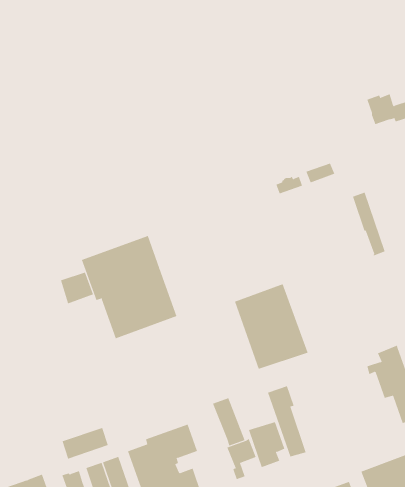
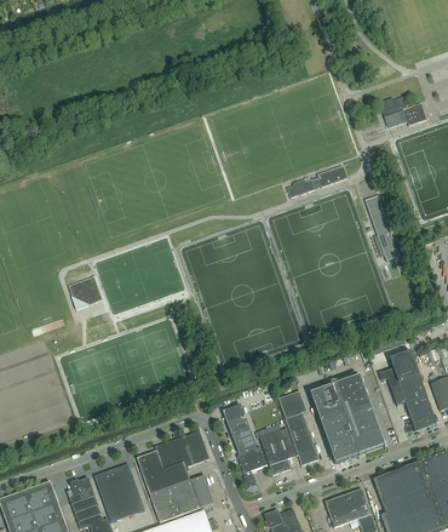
building: [81,235,177,339] -> none
building: [234,284,308,370] -> [310,376,385,463]
building: [62,427,108,459] -> none

